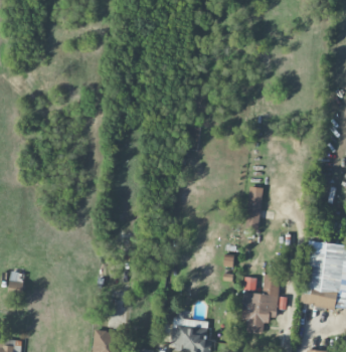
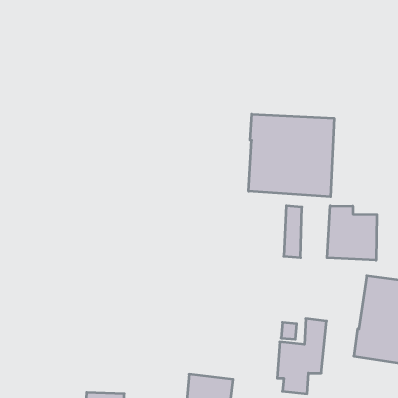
building: none -> [249,114,334,197]
building: none -> [327,206,377,260]

